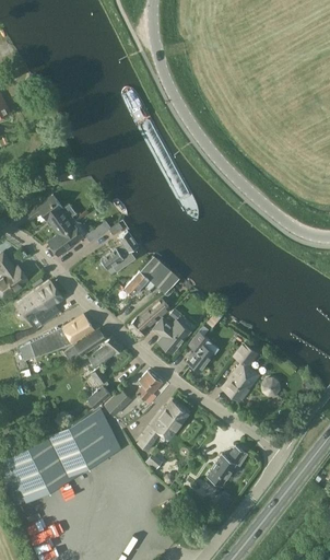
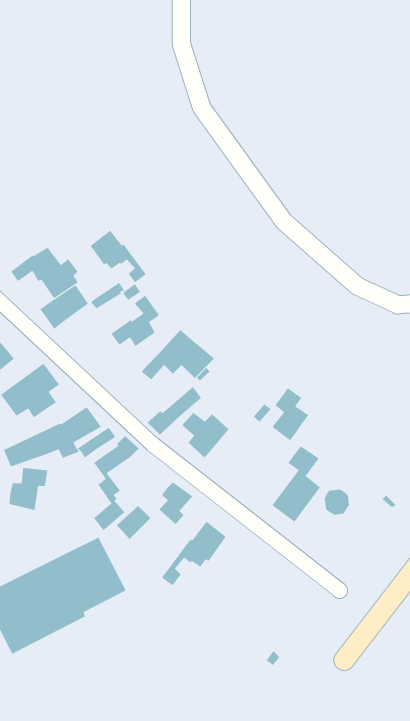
building: none -> [90,230,147,283]
building: [186,332,214,373] -> [272,388,309,441]
building: none -> [9,467,48,511]
building: [207,445,248,486] -> none

